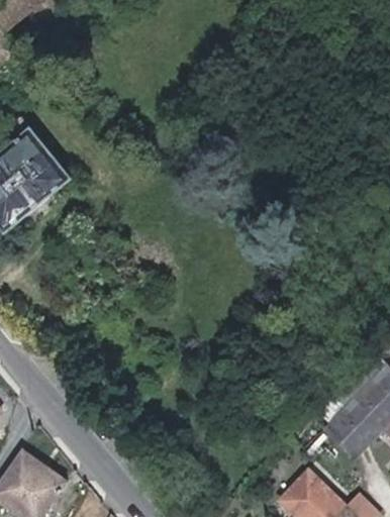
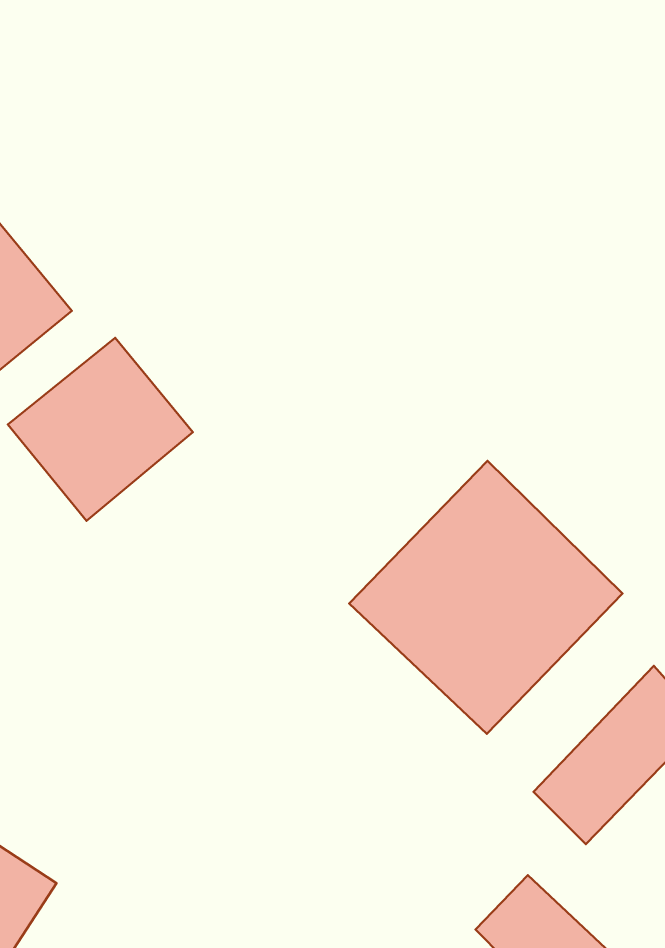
building: none -> [8,338,193,521]
building: none -> [349,461,623,734]

